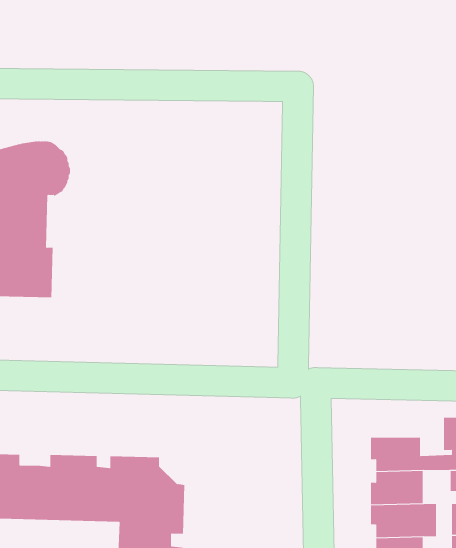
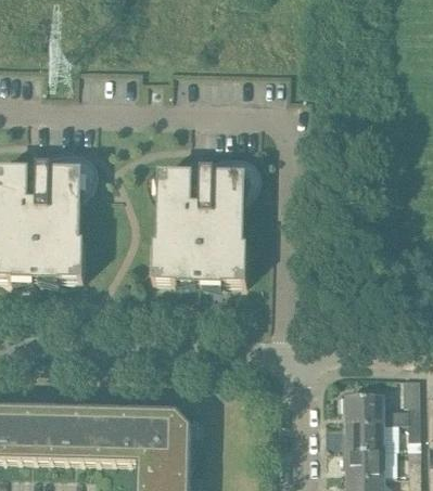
building: none -> [152,159,260,286]

